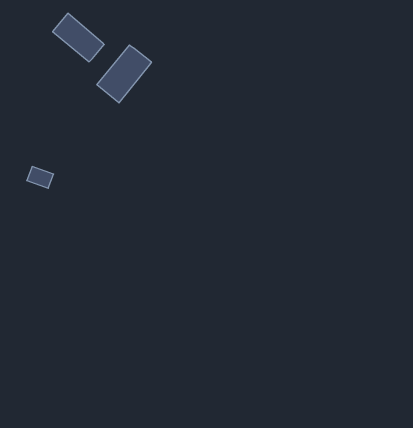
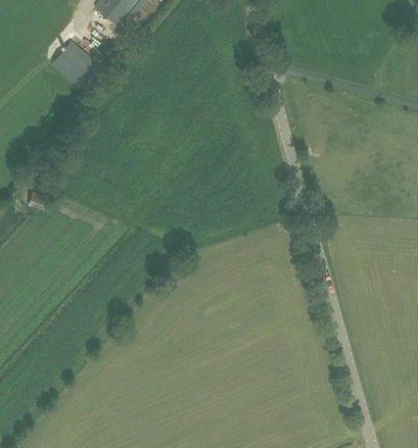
building: [97,45,151,103] -> none

